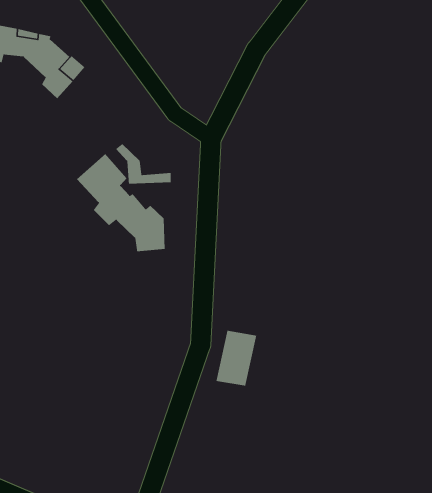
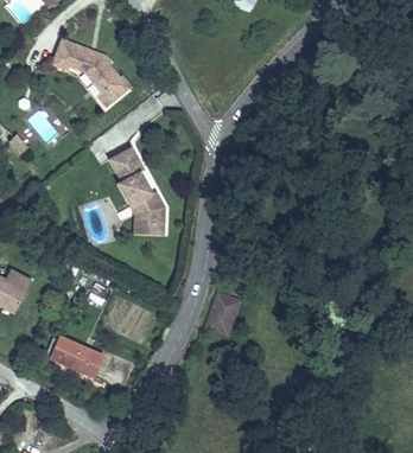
building: [115,143,172,184] -> [132,203,172,238]
building: none -> [49,334,107,382]

